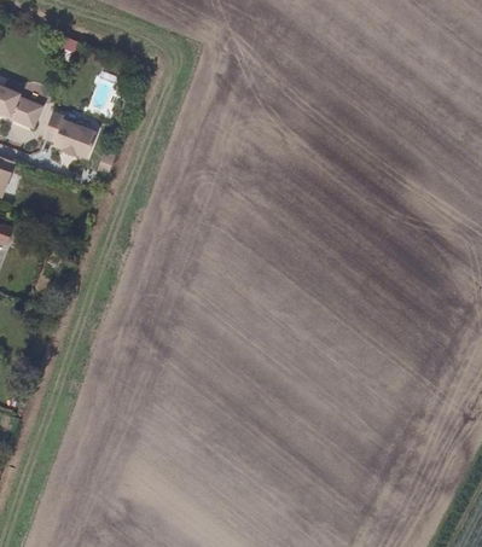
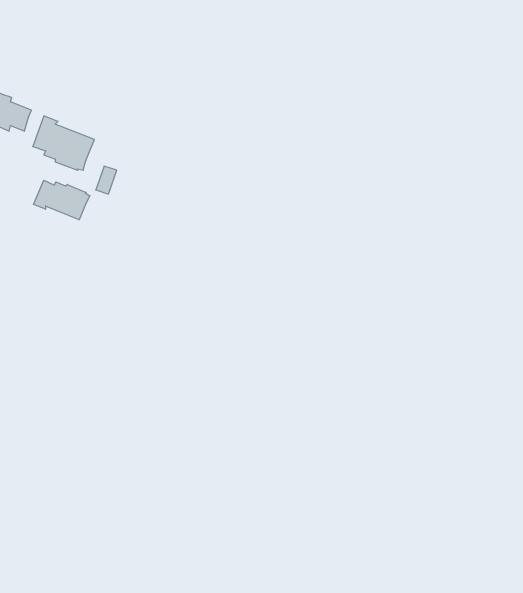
building: none -> [33,180,90,220]

